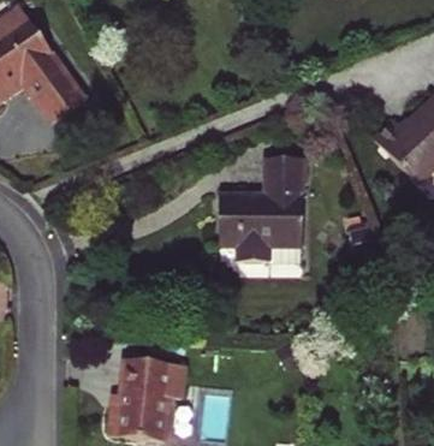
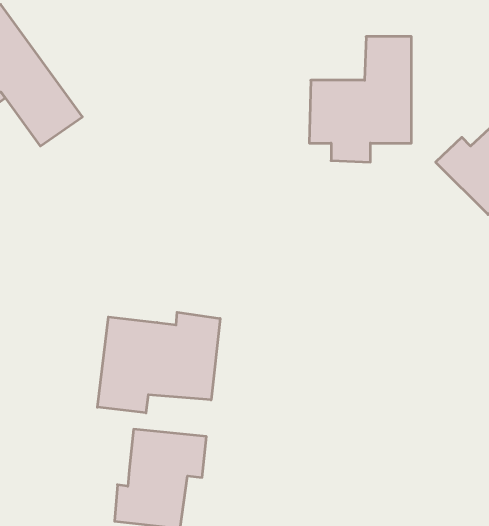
building: [218,156,302,260] -> [309,37,411,162]
building: none -> [97,312,220,413]

